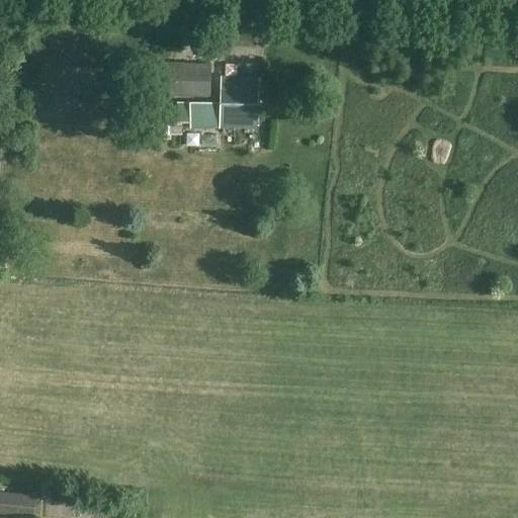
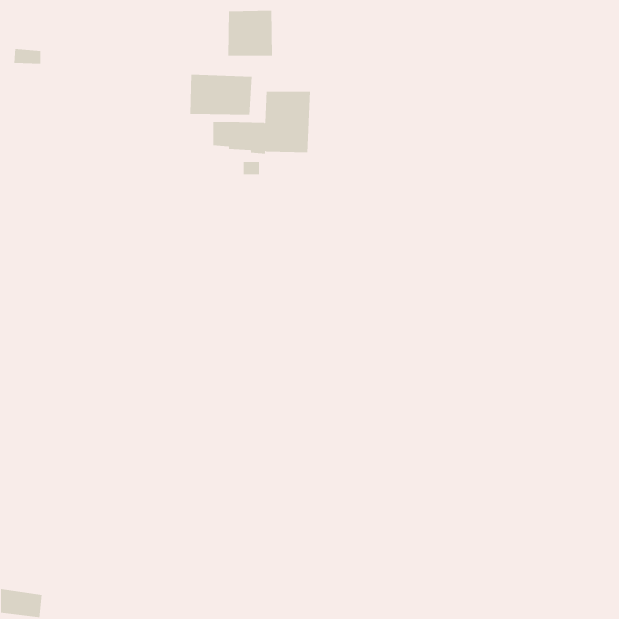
building: none -> [228,10,272,57]

